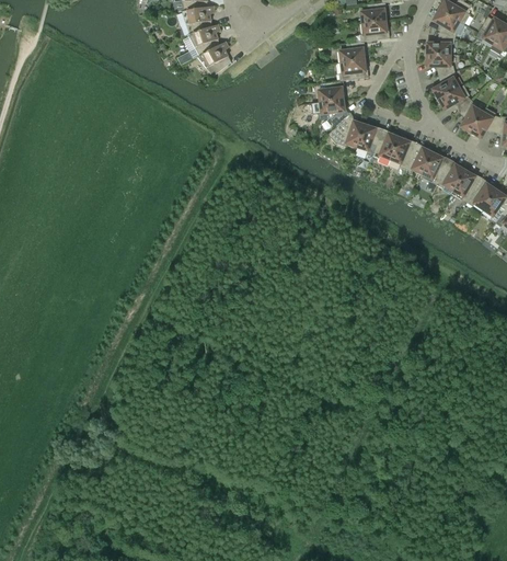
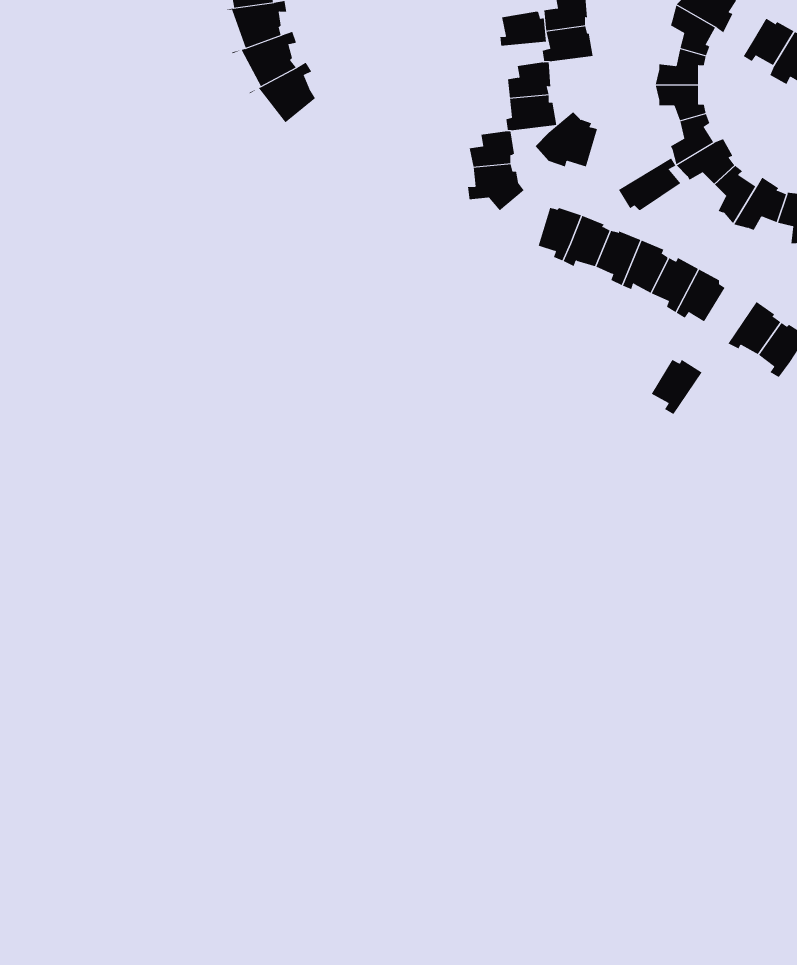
building: none -> [500,11,547,46]
building: none -> [618,158,681,211]
building: [327,114,364,146] -> [535,112,598,167]
building: [452,170,482,202] -> [651,359,702,415]

